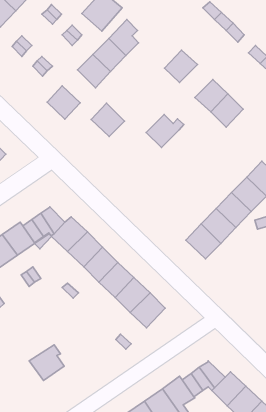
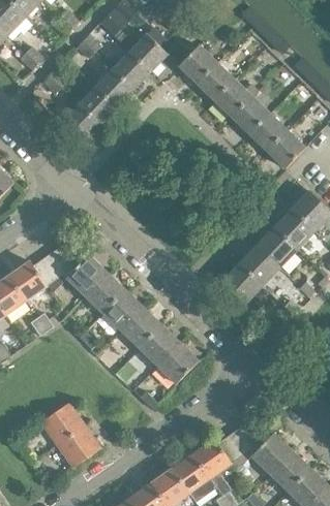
building: none -> [178,45,215,84]
building: [91,103,124,136] -> [78,86,116,124]
building: none -> [267,131,304,168]
building: [146,114,184,148] -> [213,80,257,118]
building: none -> [56,428,99,467]

